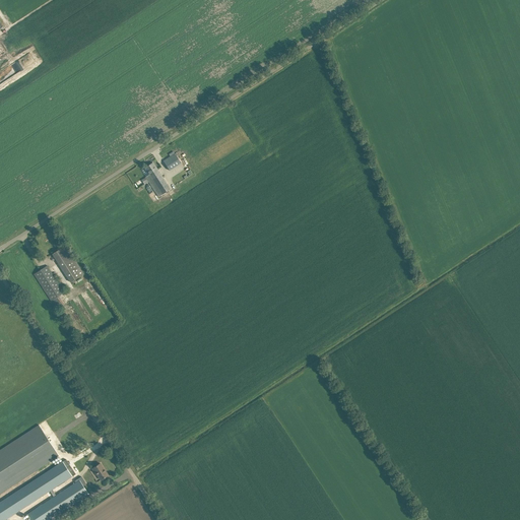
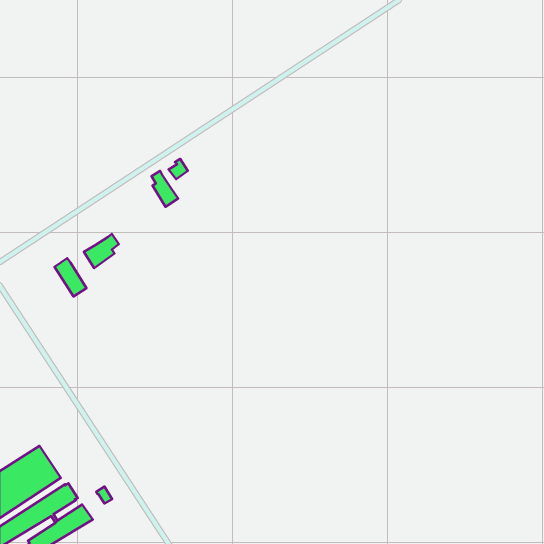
building: none -> [84,234,119,268]
building: [34,267,63,302] -> none

